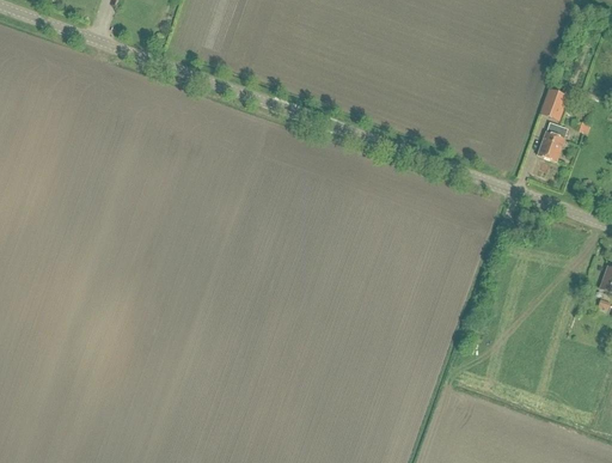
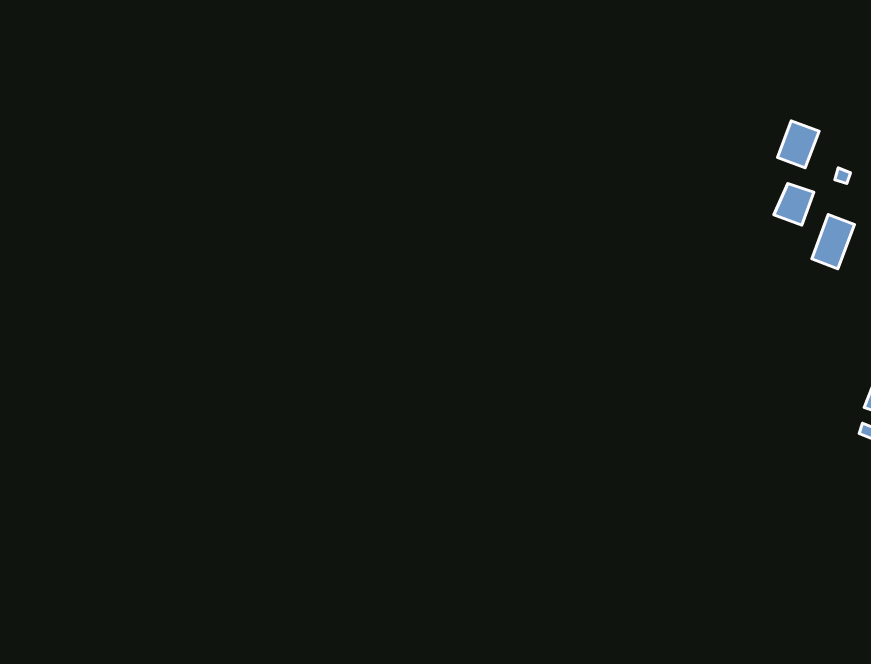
building: none -> [812,214,855,269]

